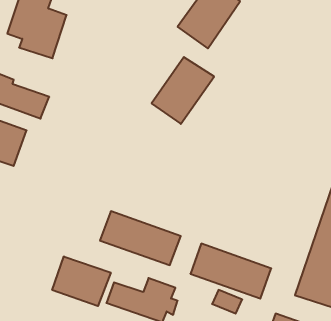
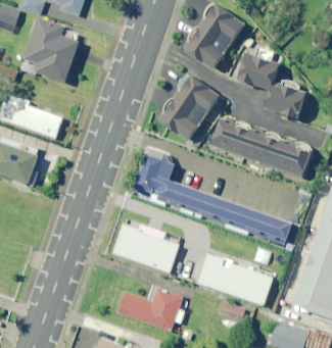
building: none -> [236,53,305,119]
building: none -> [211,121,312,179]
building: none -> [131,156,290,246]
building: [52,256,111,306] -> none

